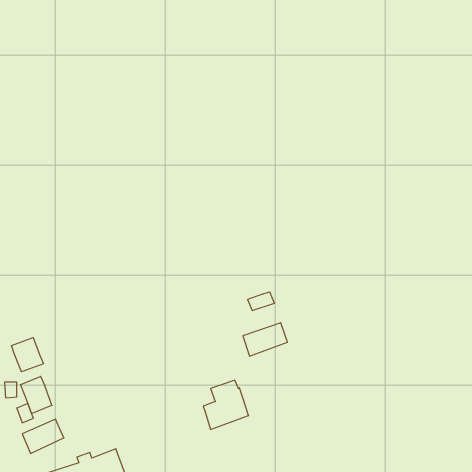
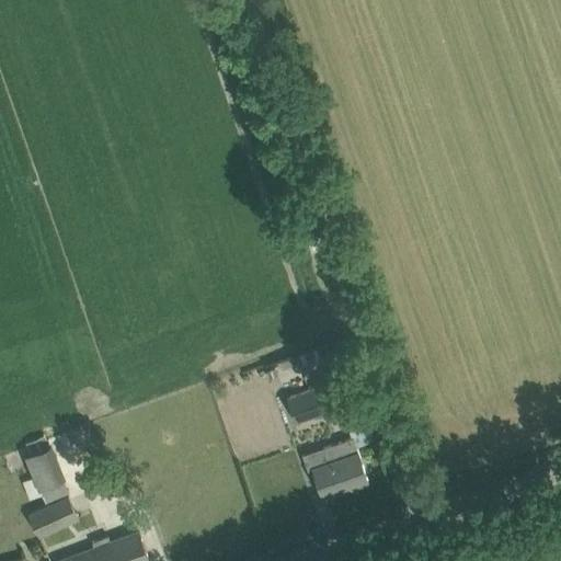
building: [11,338,43,372] -> none
building: [203,380,249,429] -> [312,439,366,497]

